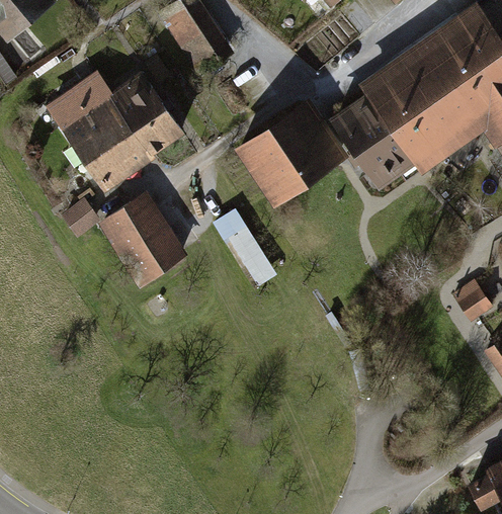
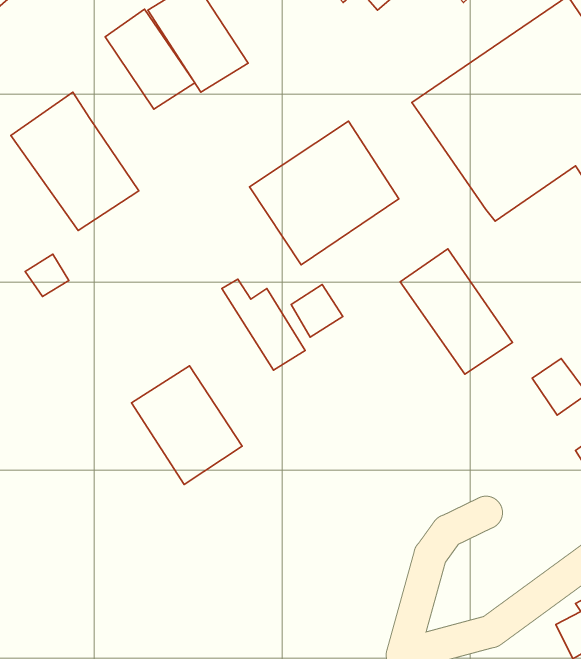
building: [111,75,180,152] -> [105,9,195,109]
building: [329,94,415,190] -> [400,249,512,374]
building: [100,191,185,282] -> [131,366,242,485]
building: none -> [291,285,343,337]

